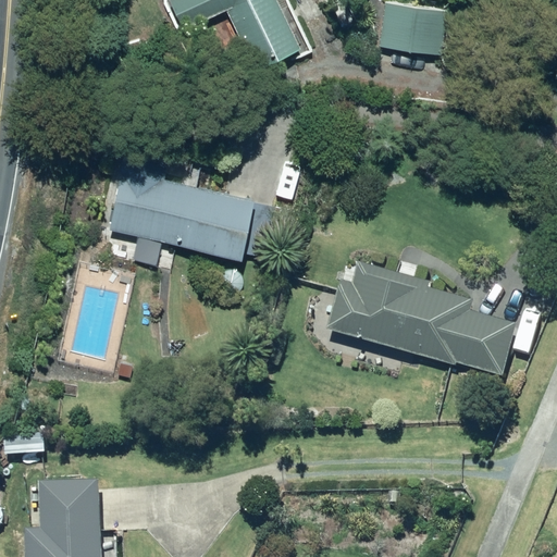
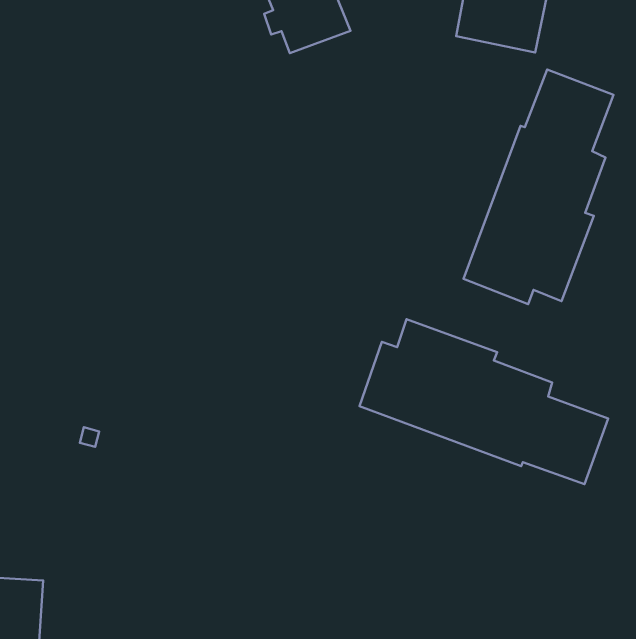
building: none -> [464,69,613,304]
building: [107,136,274,255] -> none

